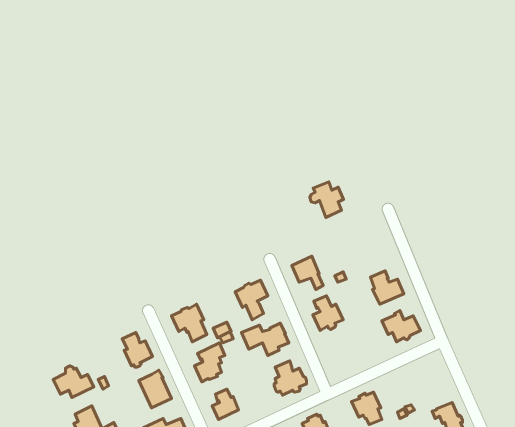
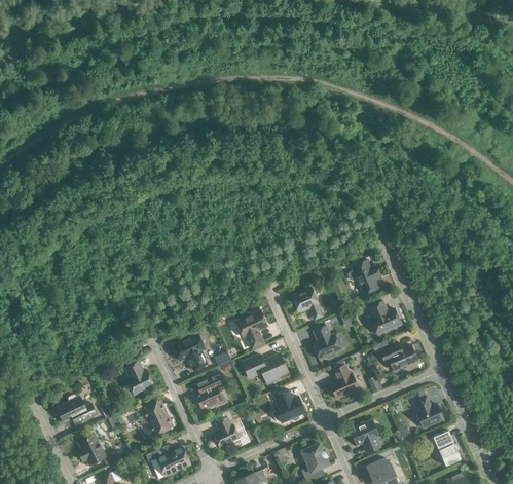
building: [310,182,343,217] -> [347,260,380,295]
building: none -> [329,365,359,399]
building: none -> [414,397,443,427]

